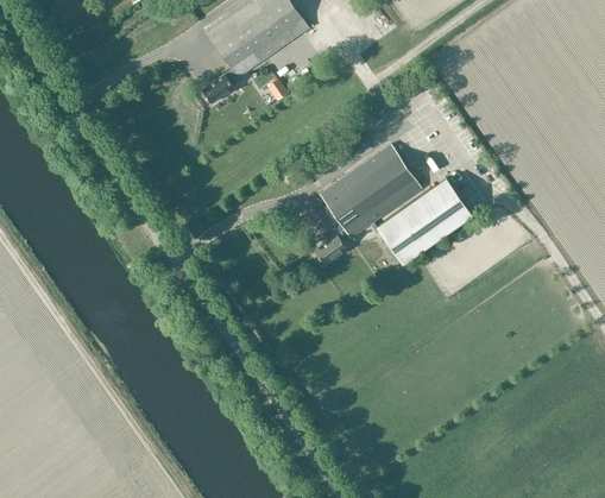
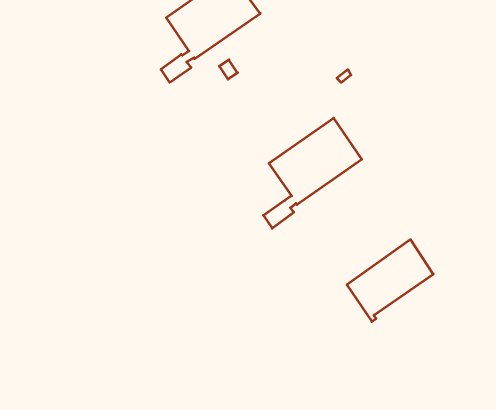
building: [376,178,471,269] -> [347,240,433,322]

